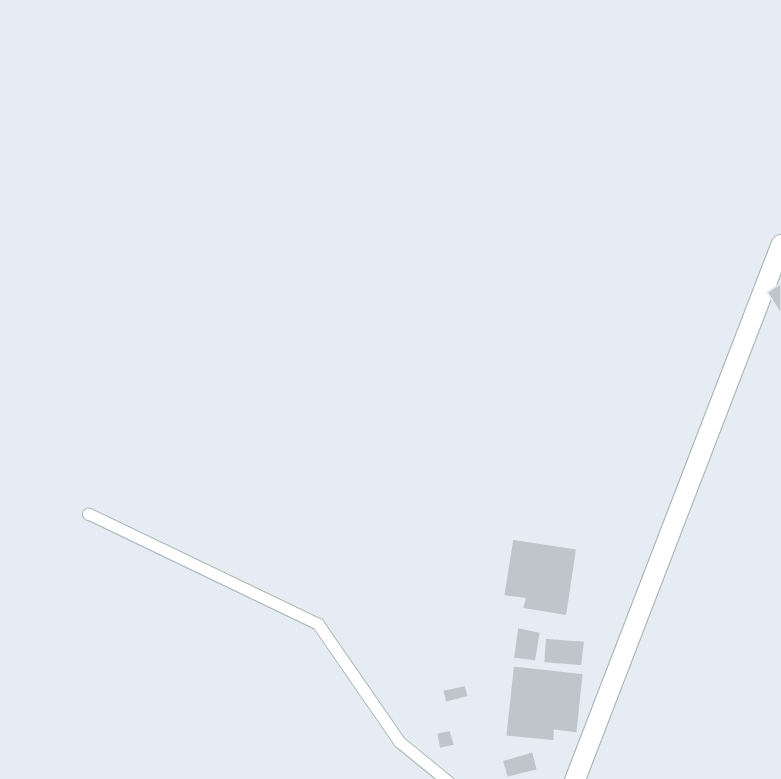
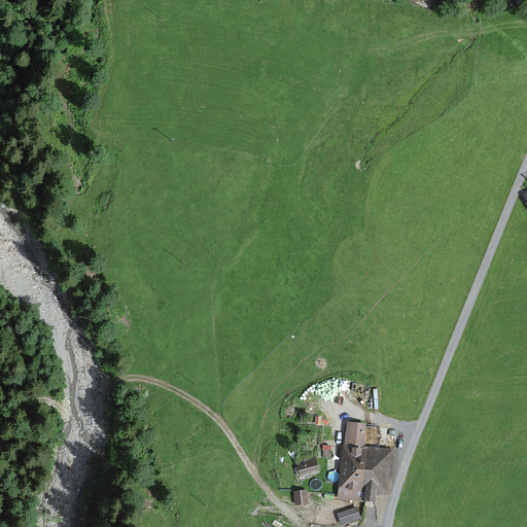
building: [504,539,577,616] -> none

